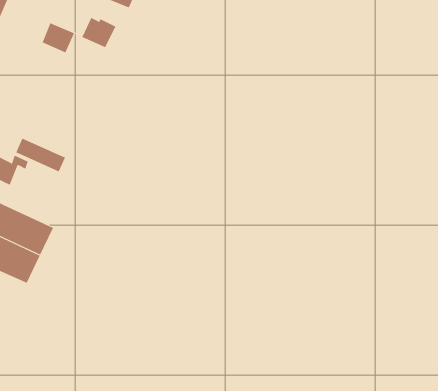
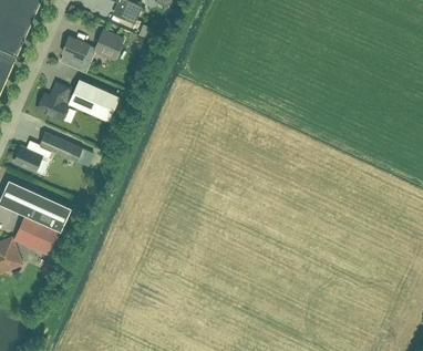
building: none -> [37,80,118,122]

